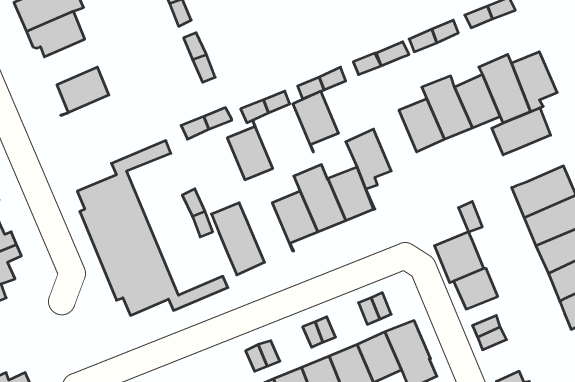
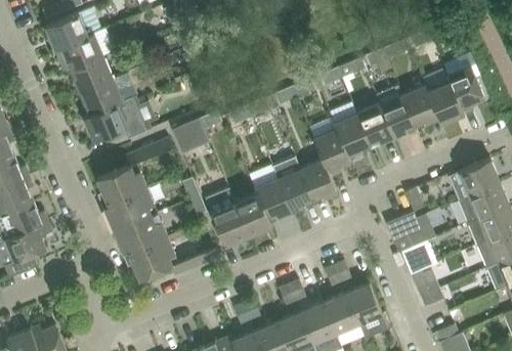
building: none -> [70,56,113,93]
building: none -> [84,98,145,141]
building: [293,91,339,152] -> [334,114,371,163]
building: [492,108,551,155] -> none
building: [227,120,273,180] -> [233,188,270,236]

